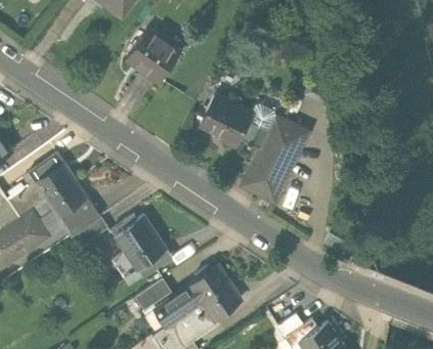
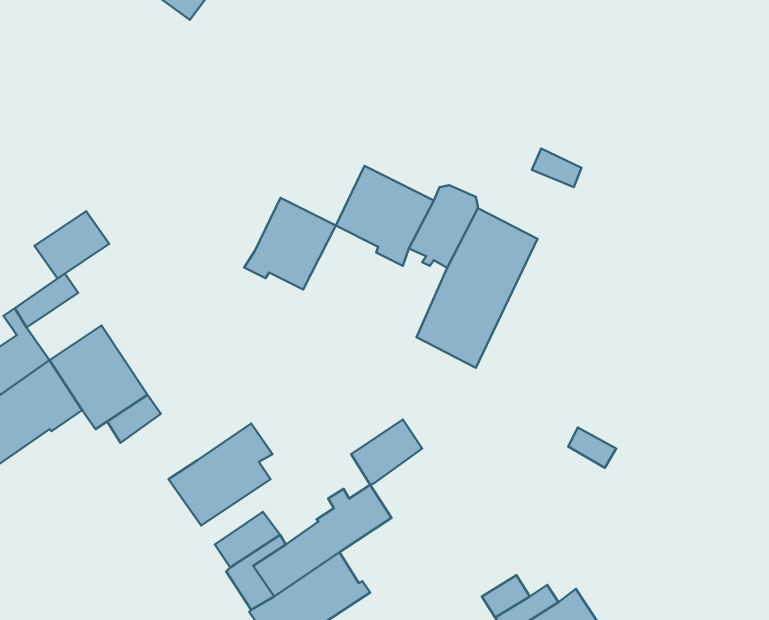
building: [127,30,180,83] -> none
building: none -> [244,198,336,290]
building: [35,163,75,199] -> [34,211,109,279]
building: [112,216,155,252] -> none
building: [202,282,240,317] -> [351,420,422,485]

